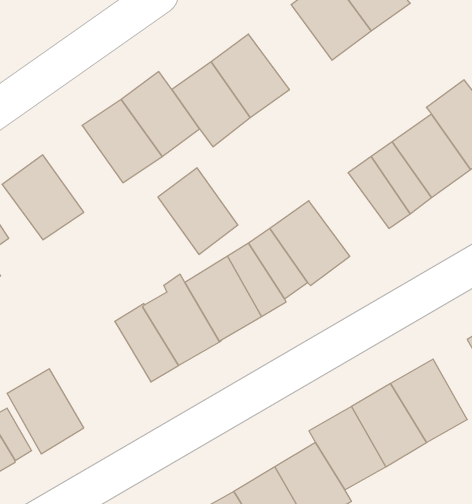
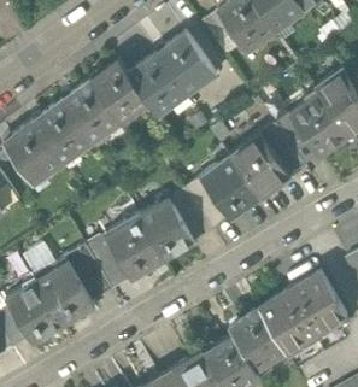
building: [158,168,238,254] -> [33,100,92,164]
building: none -> [229,135,288,197]
building: none -> [37,262,94,323]

